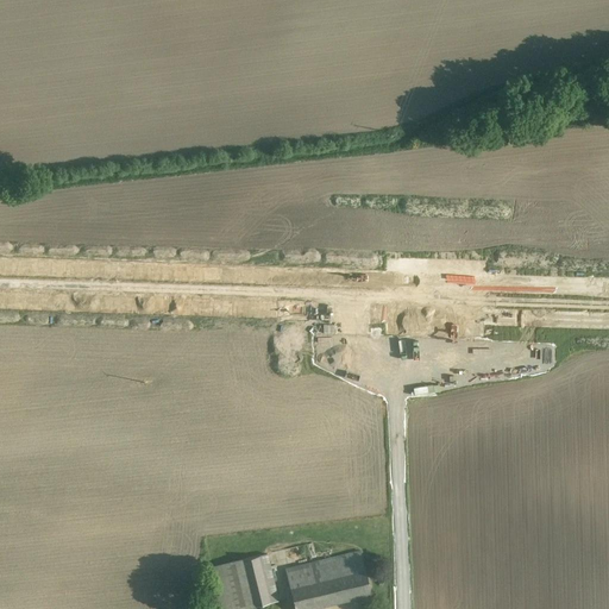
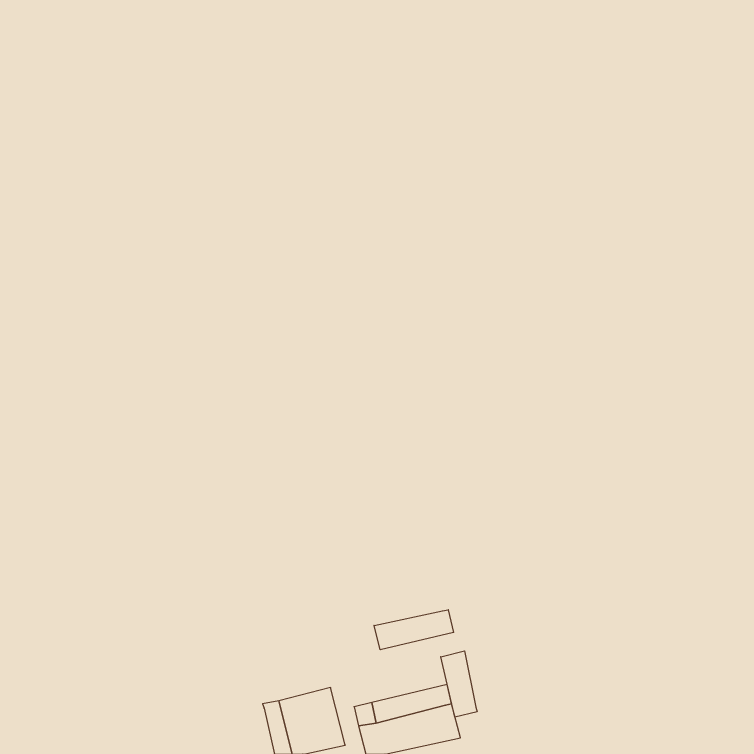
building: none -> [374,610,454,650]
building: none -> [441,651,477,717]

